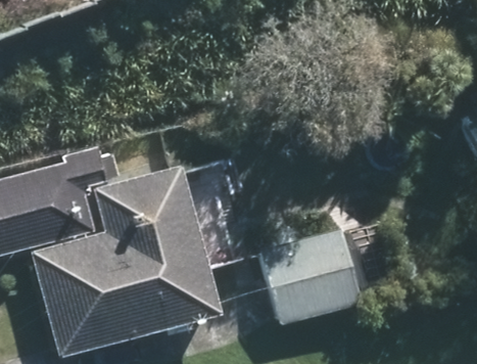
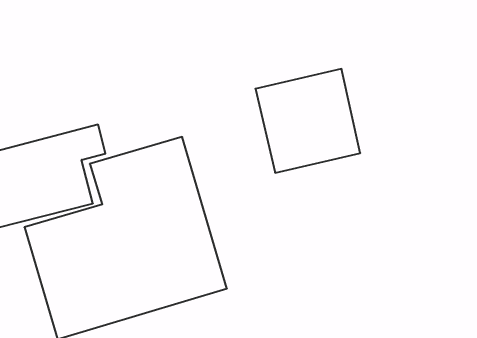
building: [258,219,362,321] -> [255,69,360,173]

